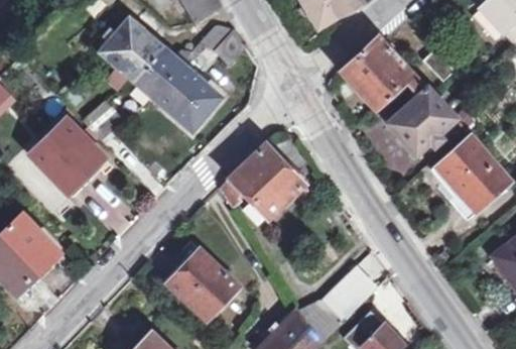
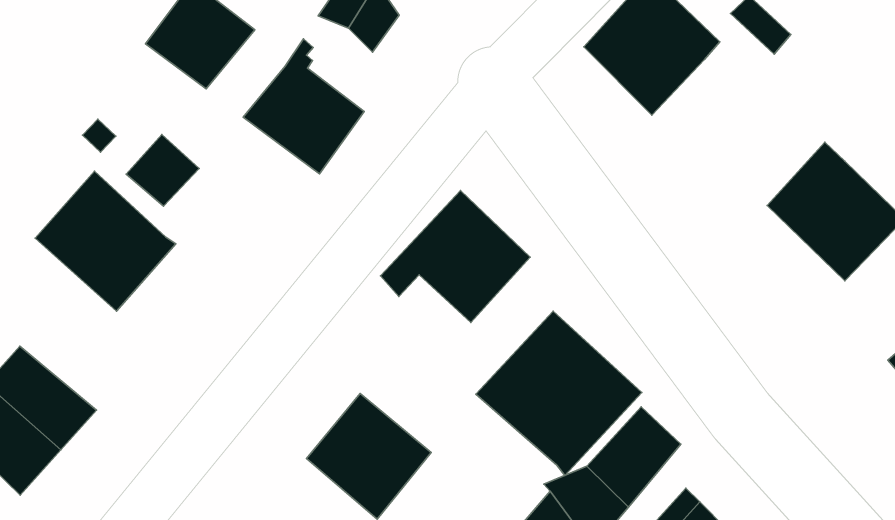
building: [131,47,189,95] -> none
building: [386,74,454,155] -> none
building: none -> [476,311,642,475]

